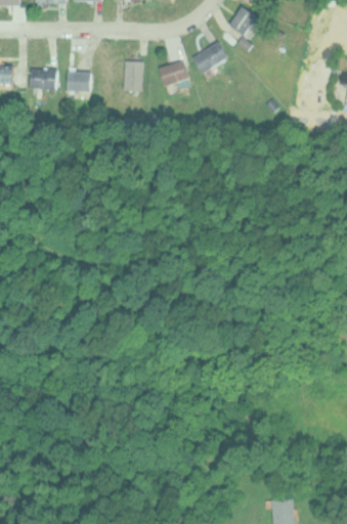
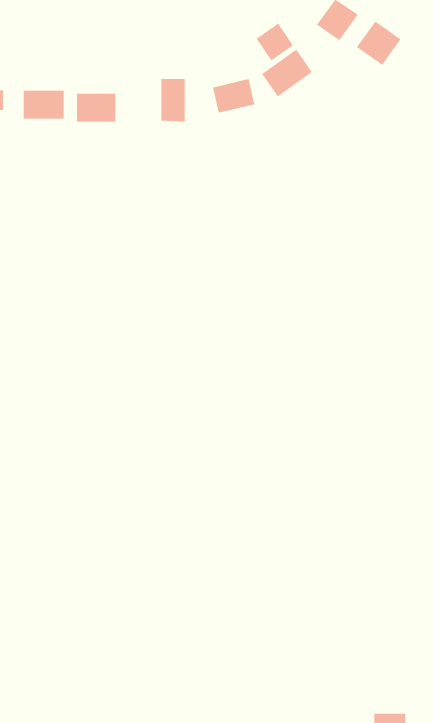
building: none -> [356,20,402,66]
building: none -> [256,23,294,62]

